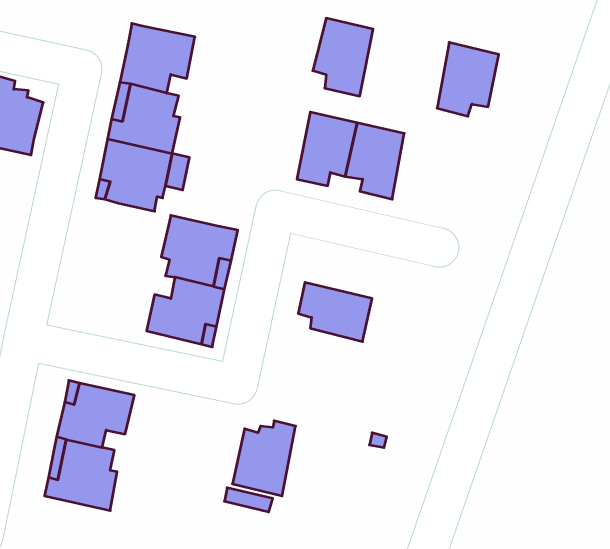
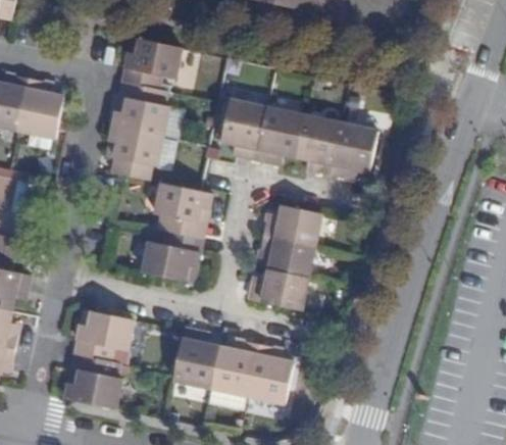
building: [313,18,373,96] -> [221,97,267,156]
building: [437,42,499,116] -> [330,121,376,178]
building: none -> [263,206,321,247]
building: none -> [249,269,307,312]
building: none -> [172,328,217,388]
building: none -> [246,344,292,405]

